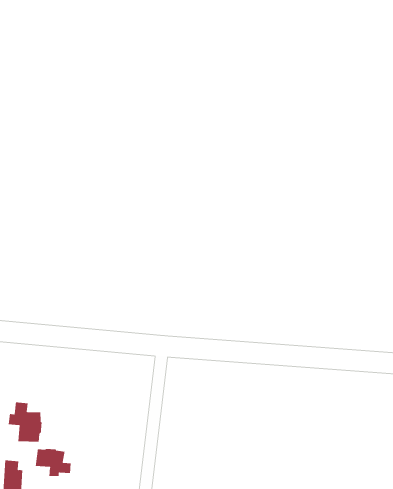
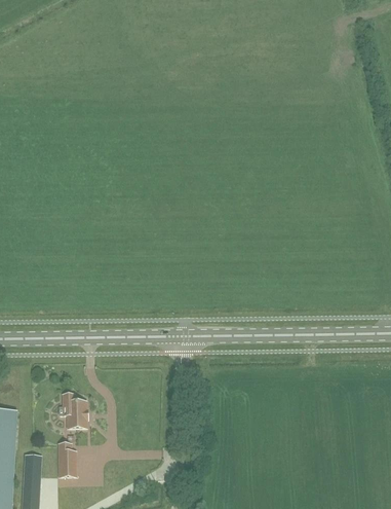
building: [35,448,71,477] -> none

